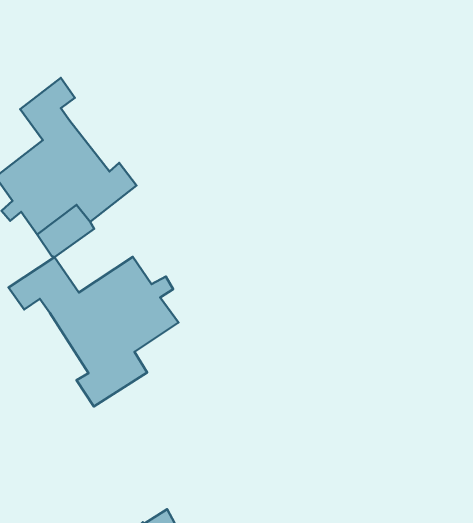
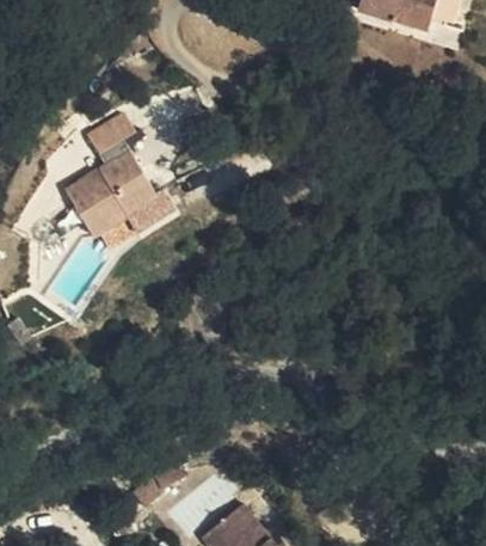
building: [8,257,178,407] -> none

